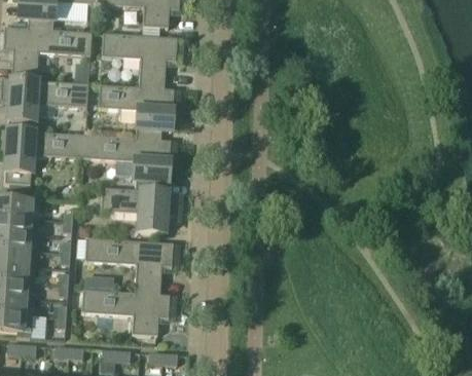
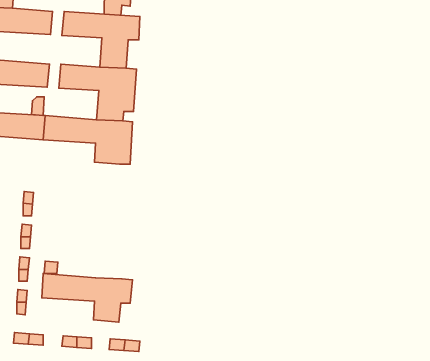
building: [100,188,176,233] -> none
building: [84,237,173,294] -> none

